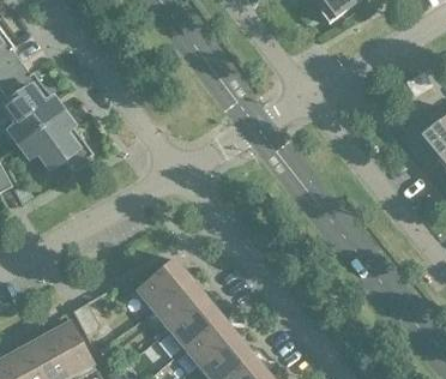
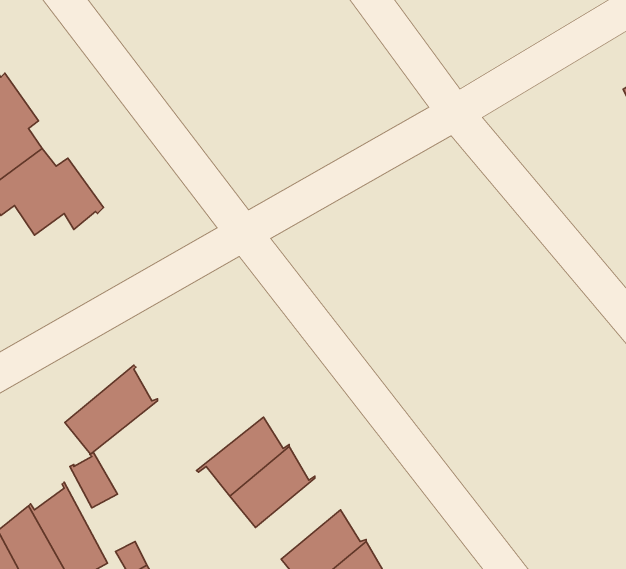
building: [132,258,188,312] -> [65,365,158,454]
building: [183,317,235,366] -> none

